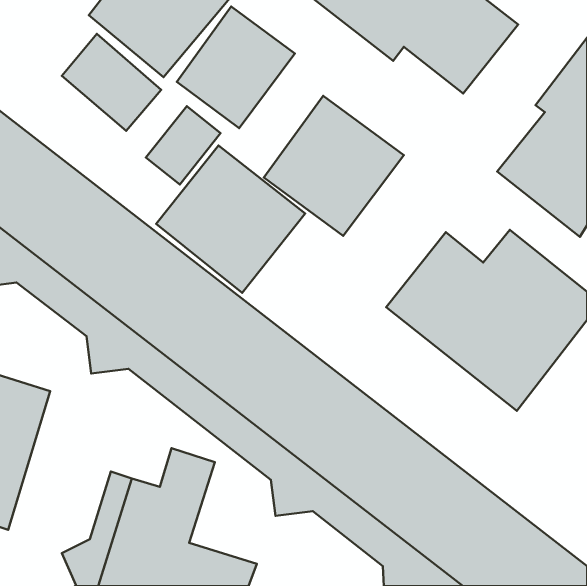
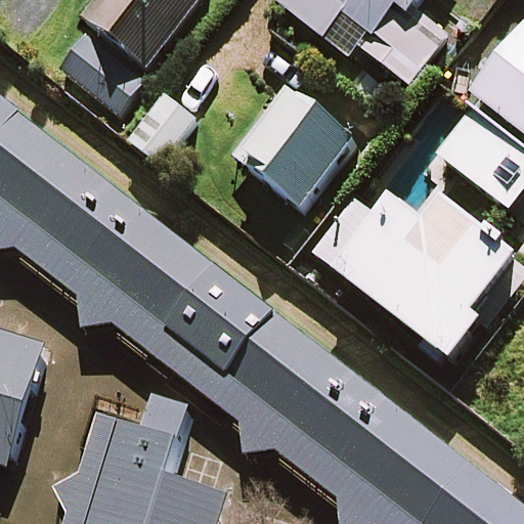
building: [177,7,295,128] -> none
building: [156,146,305,293] -> none

